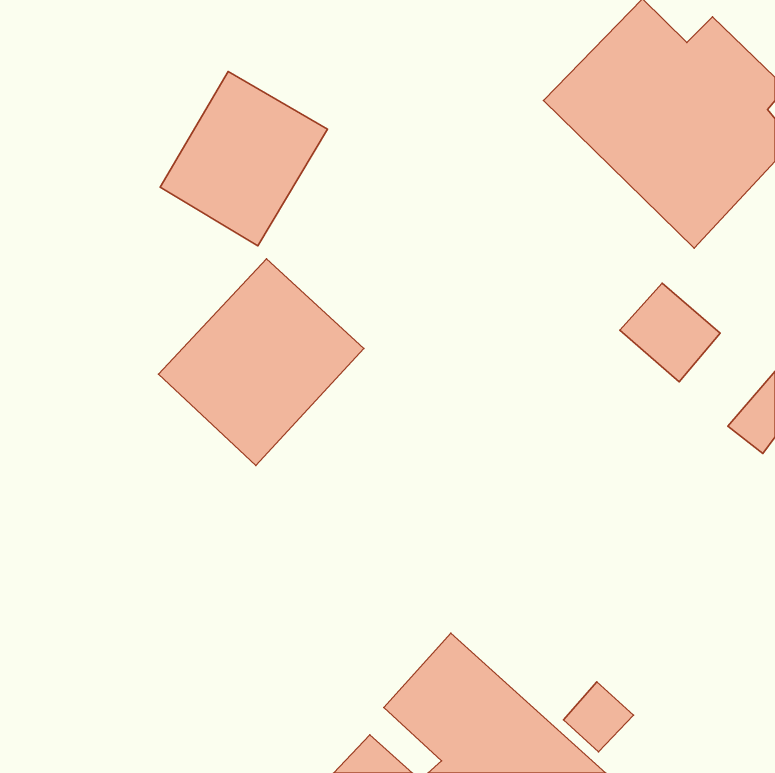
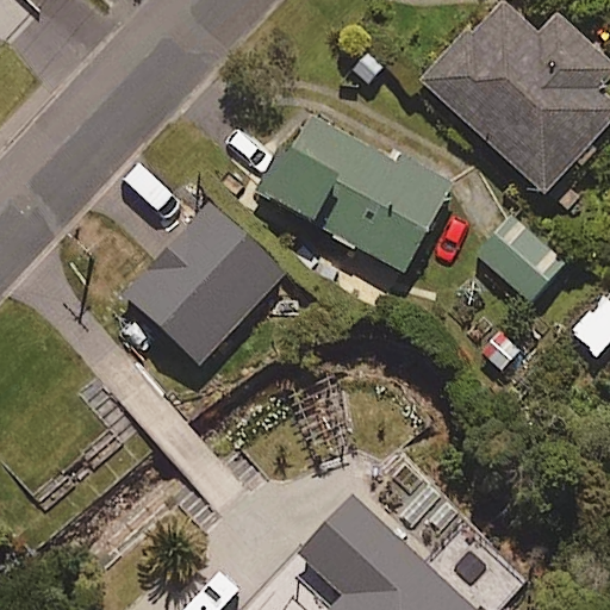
building: [160,71,327,246] -> none
building: none -> [260,111,454,273]

